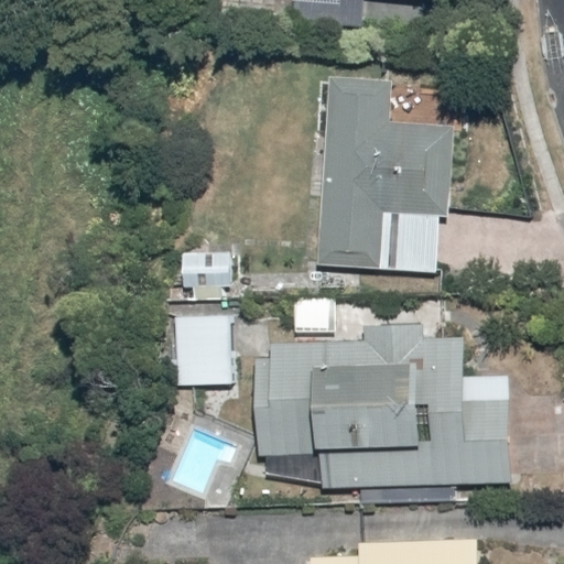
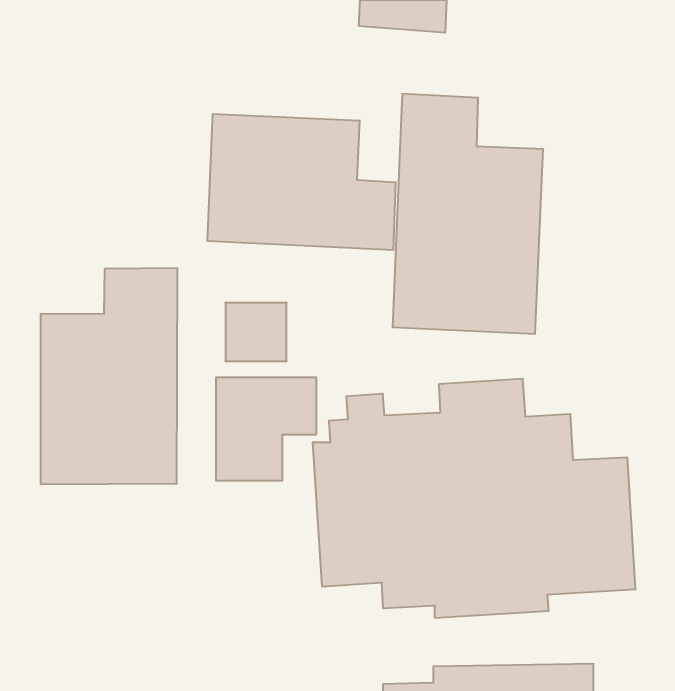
building: none -> [208,114,396,250]
building: none -> [41,268,177,484]

